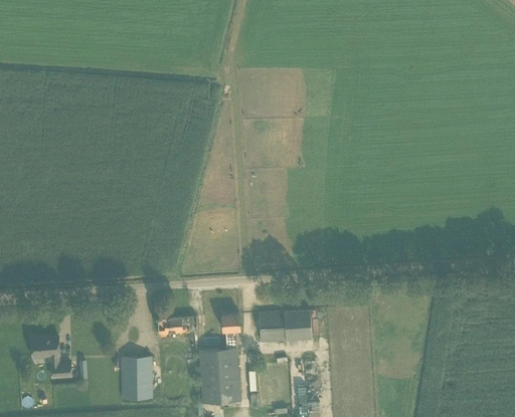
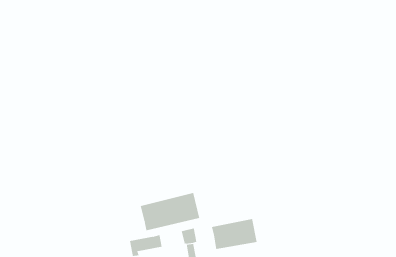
building: none -> [140,192,200,231]

